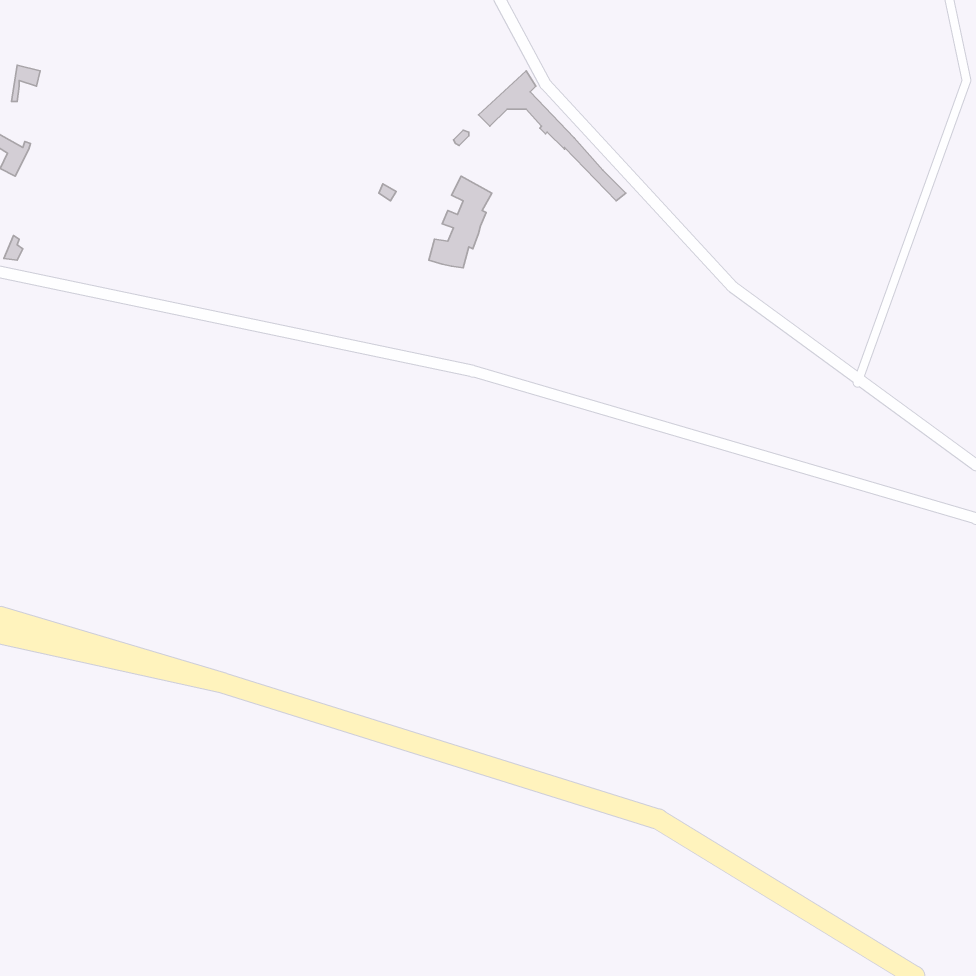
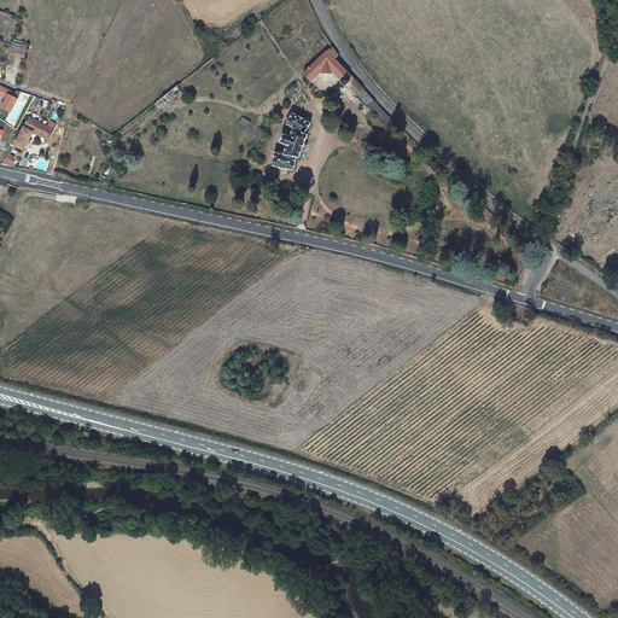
building: none -> [13,116,53,148]

